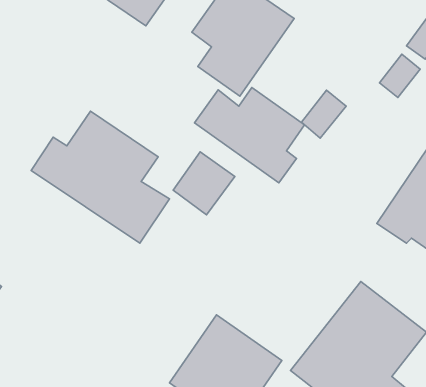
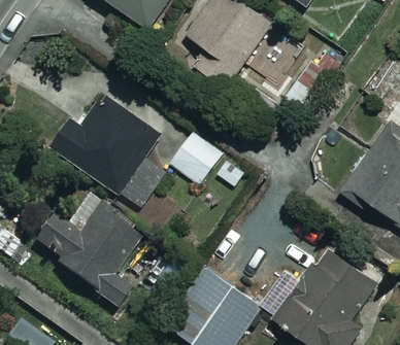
building: [195,87,305,183] -> none
building: none -> [33,181,146,307]

